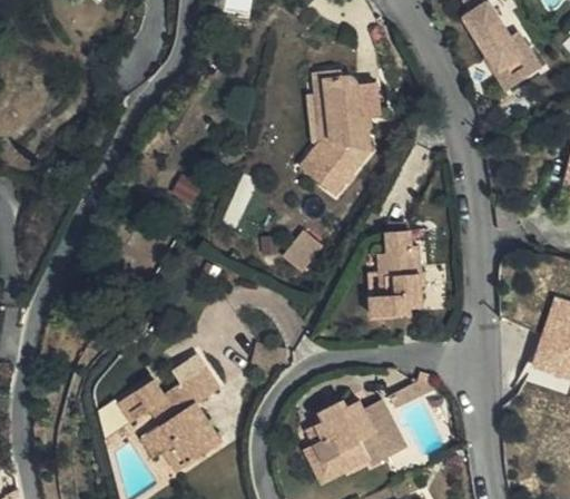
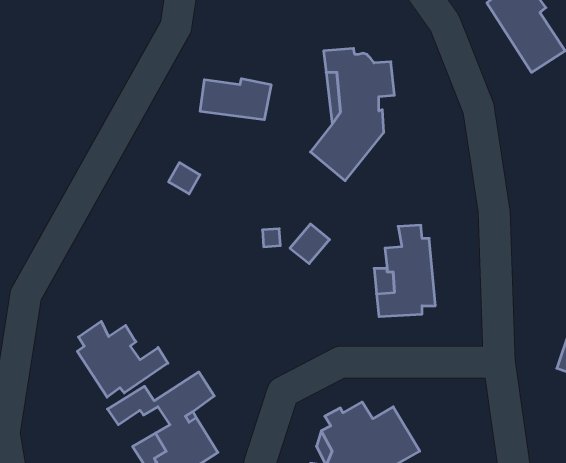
building: none -> [200,79,271,120]
building: none -> [77,321,168,397]

